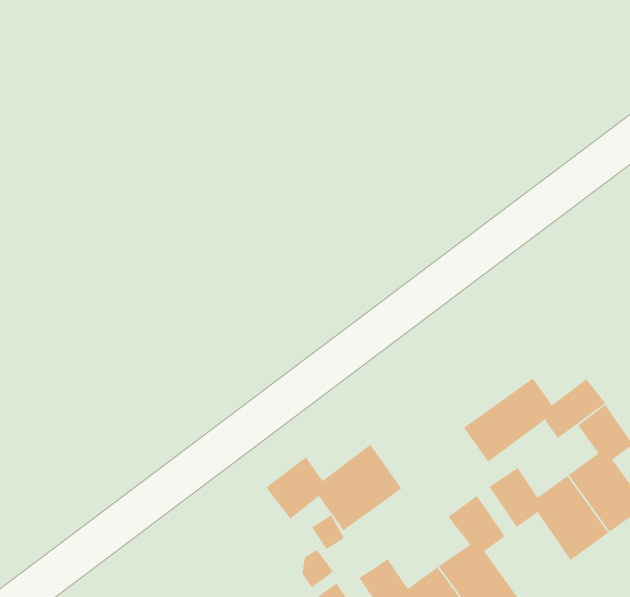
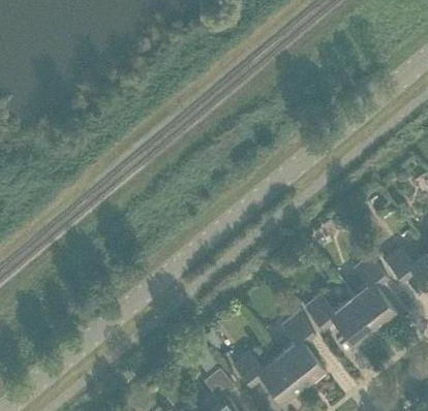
building: [463,378,606,463] -> none
building: [265,444,402,531] -> none

